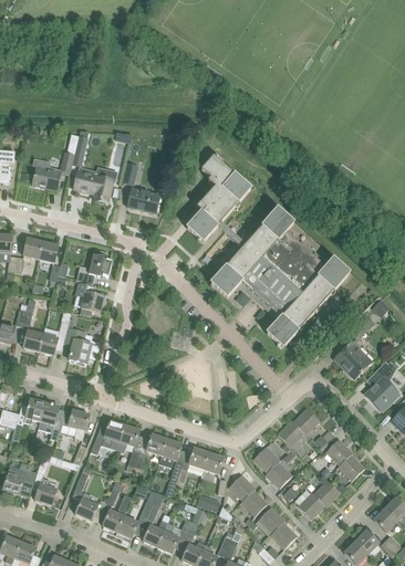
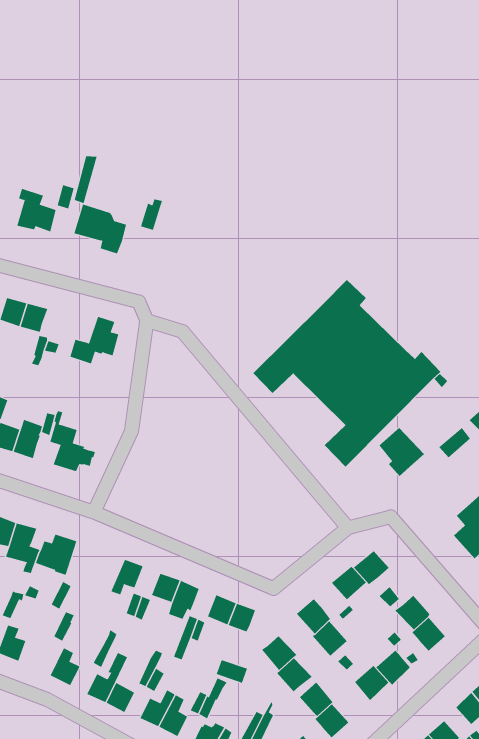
building: [187,157,250,242] -> none
building: [127,187,160,213] -> none
building: [76,282,104,316] -> none
building: [338,340,372,377] -> [379,427,425,477]
building: [91,419,125,453] -> none

